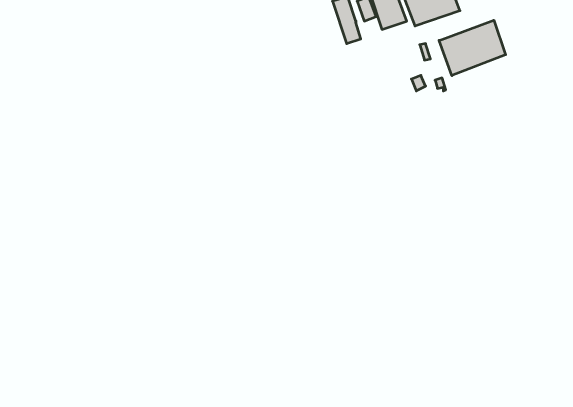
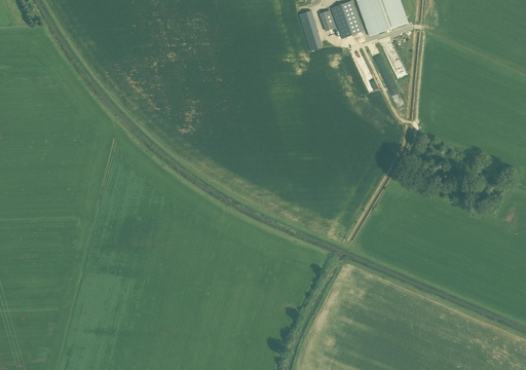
building: [439,20,506,76] -> none

